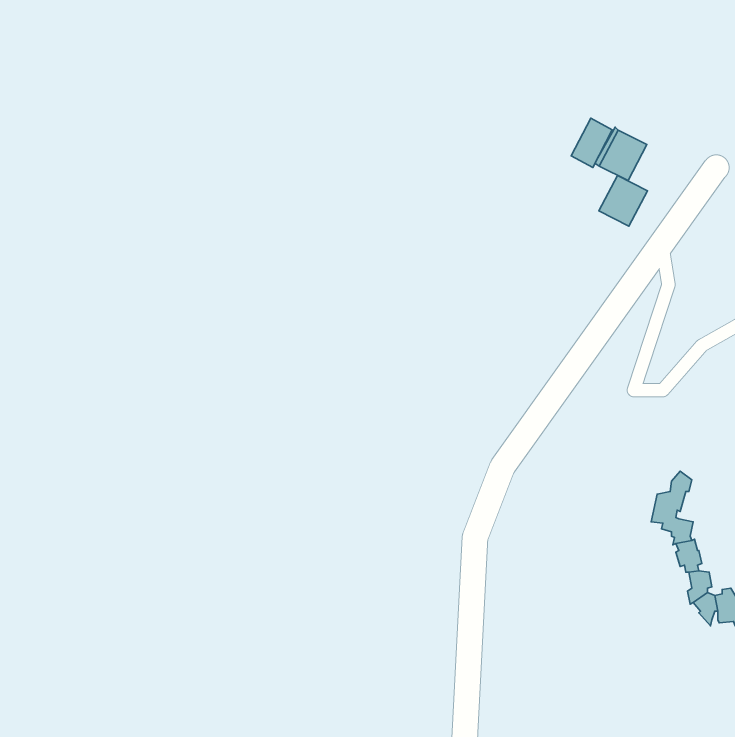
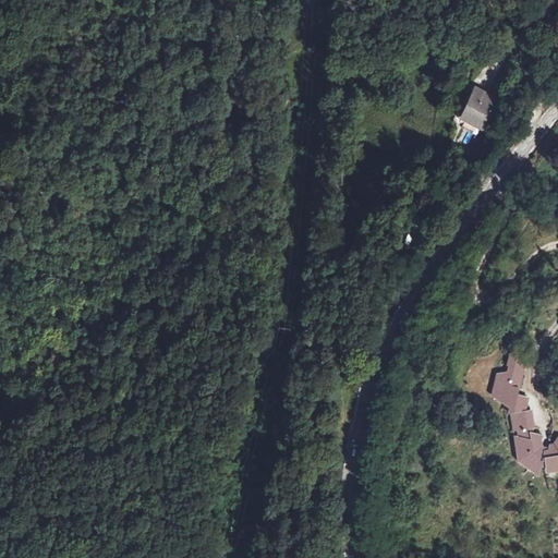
building: [571,118,612,168] -> none
building: [599,175,648,226] -> none

